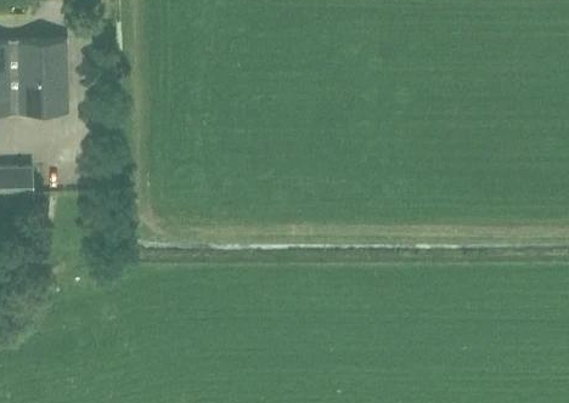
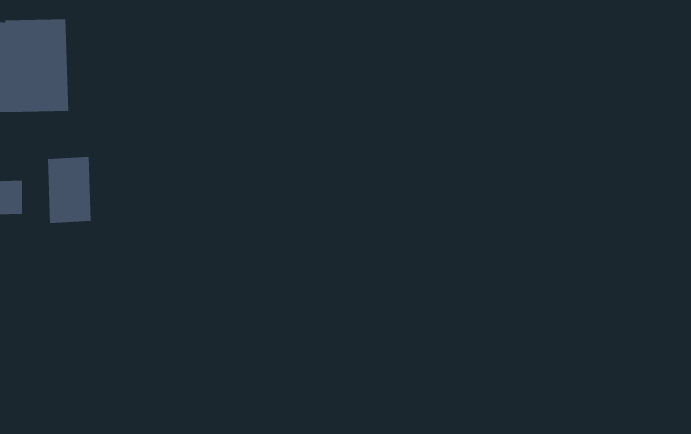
building: none -> [48,156,91,224]

